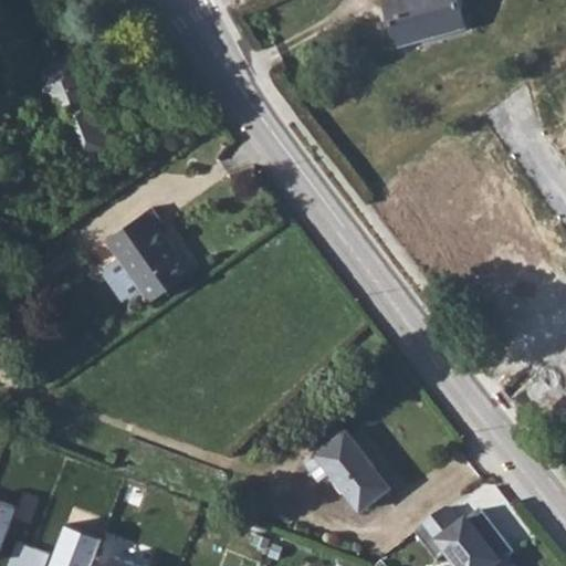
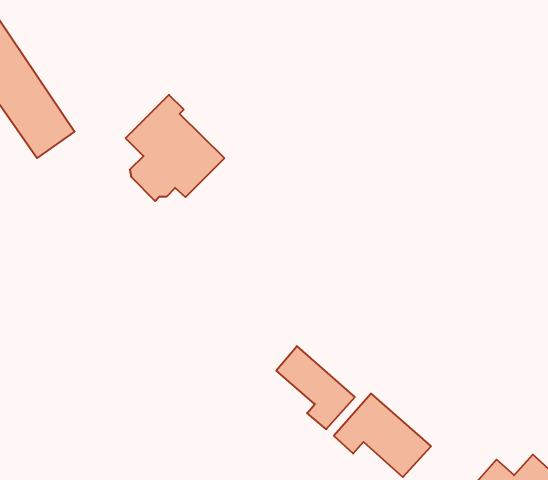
building: [105,207,191,301] -> [126,95,224,201]
building: none -> [276,346,355,429]

